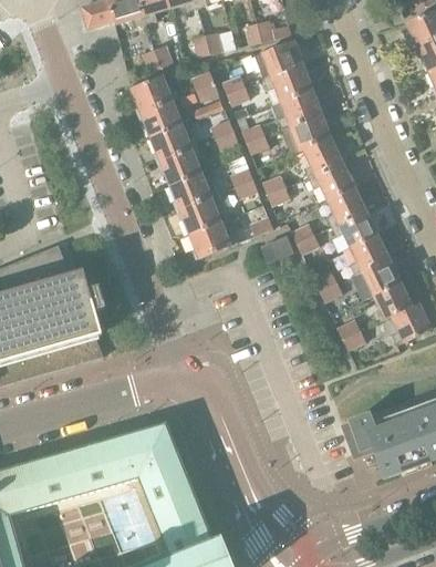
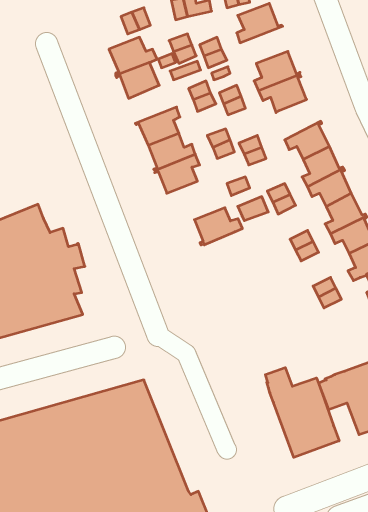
building: [262,64,311,102] -> none
building: [149,124,198,163] -> none
building: [302,138,344,179] -> none
building: [188,221,237,259] -> [194,208,242,245]
building: none -> [265,368,339,457]

